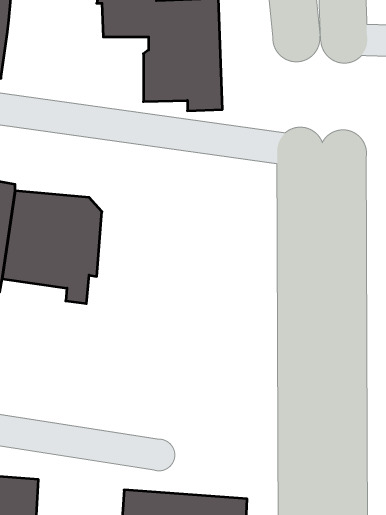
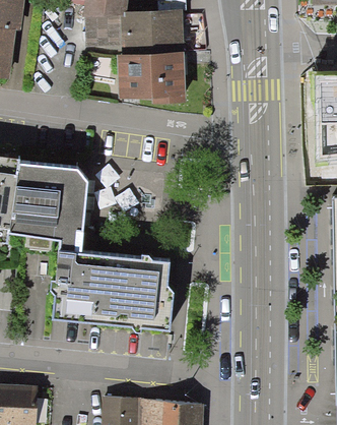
building: none -> [51,251,173,331]

